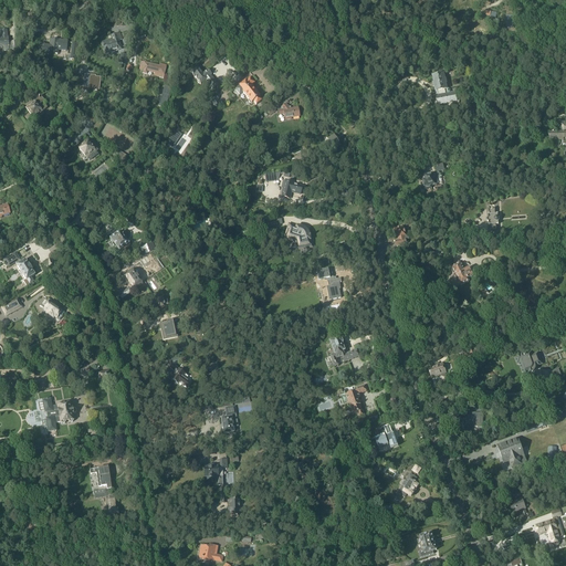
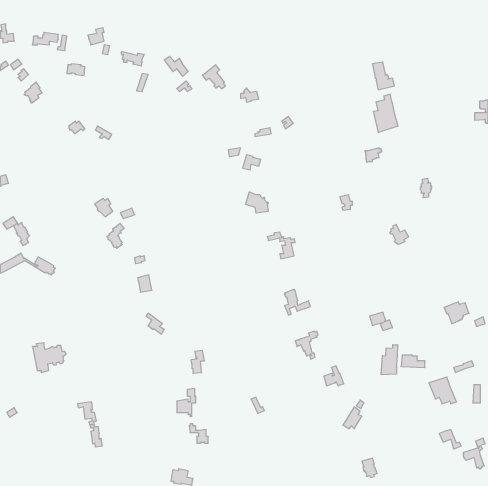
building: none -> [374,94,398,133]
building: none -> [381,345,398,375]

